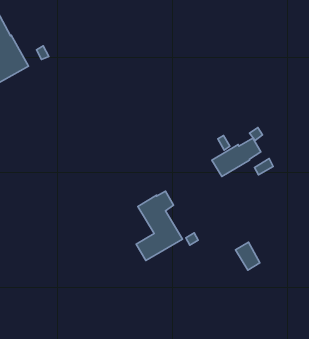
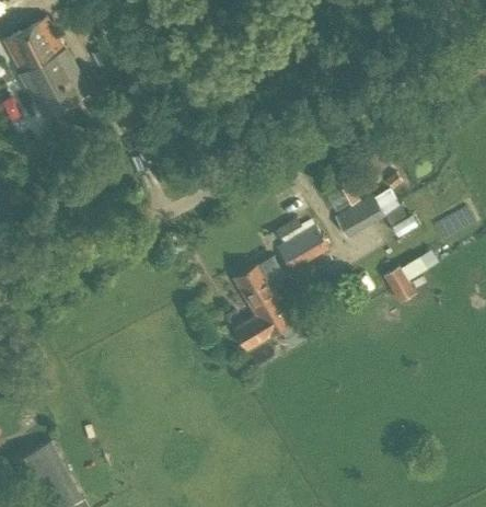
building: none -> [277,226,328,270]
building: [235,242,260,270] -> [382,265,415,302]

